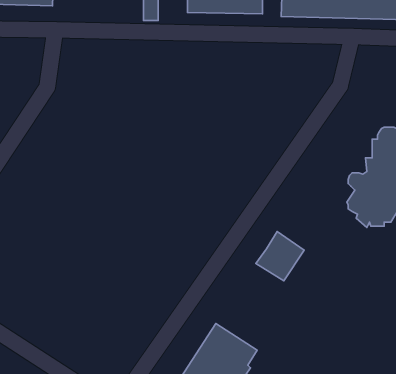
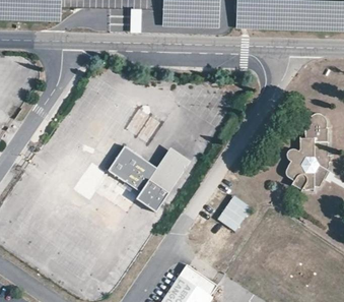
building: none -> [108,143,188,210]

